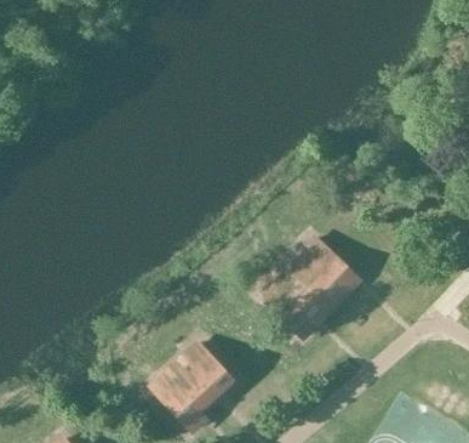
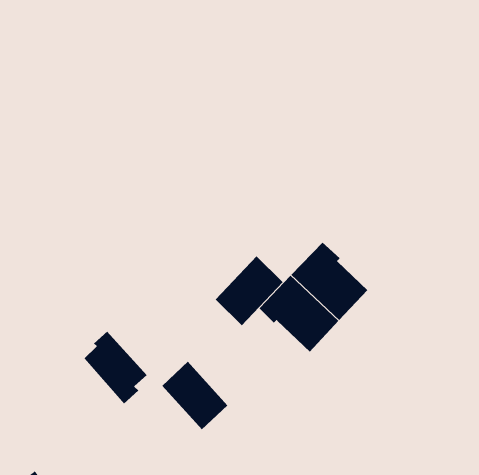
building: none -> [215,255,283,326]
building: [156,362,212,426] -> [84,331,147,404]

